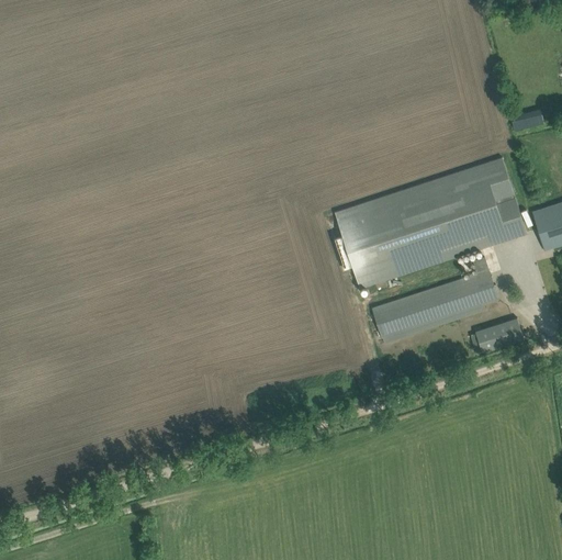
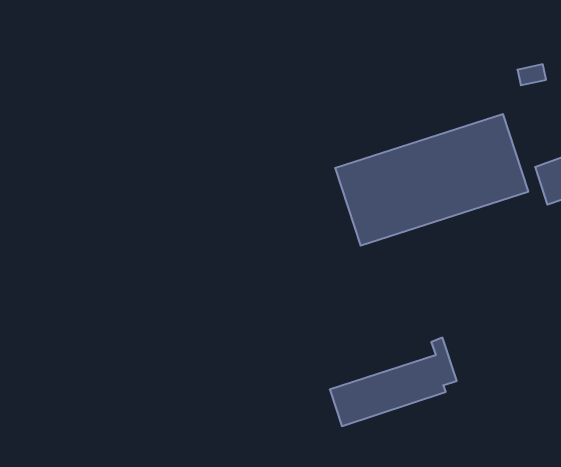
building: [371,256,497,344] -> [330,338,457,426]
building: [474,317,522,352] -> none

